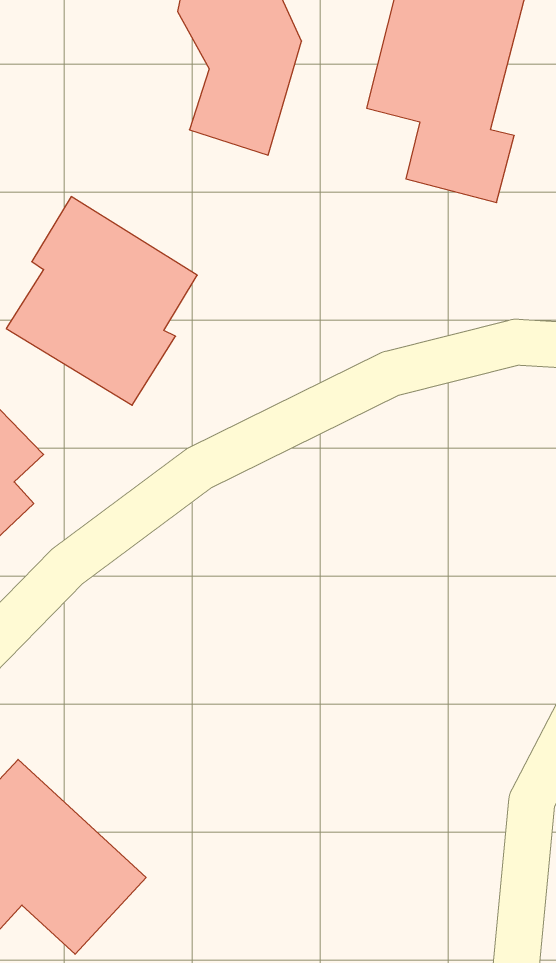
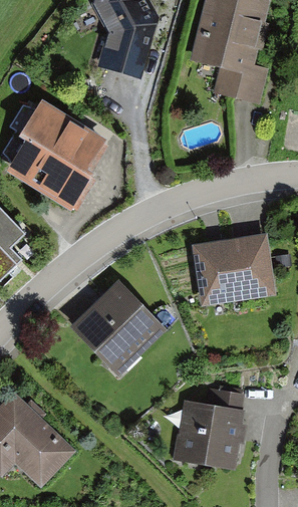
building: none -> [195,234,277,306]
building: none -> [74,282,166,372]
building: none -> [178,392,245,466]

